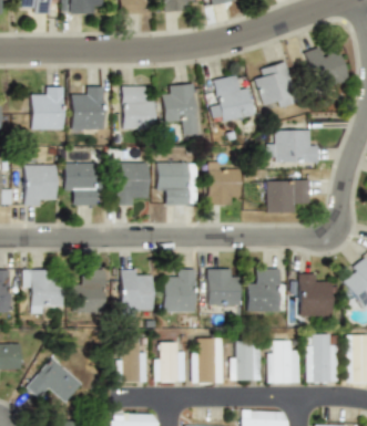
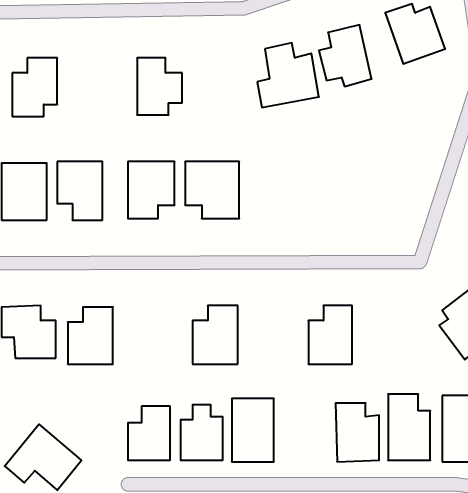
building: [163,83,198,134] -> none
building: [71,86,103,127] -> none
building: [268,129,319,163] -> none
building: [210,164,242,205] -> none
building: [268,180,310,212] -> none
building: [208,269,241,306] -> none
building: [120,270,153,311] -> none
building: [299,273,334,316] -> none
building: [232,341,262,381] -> none

